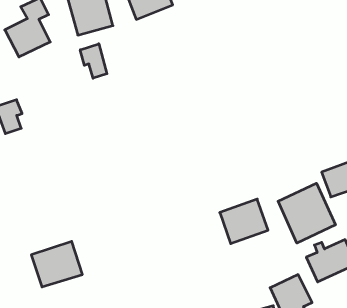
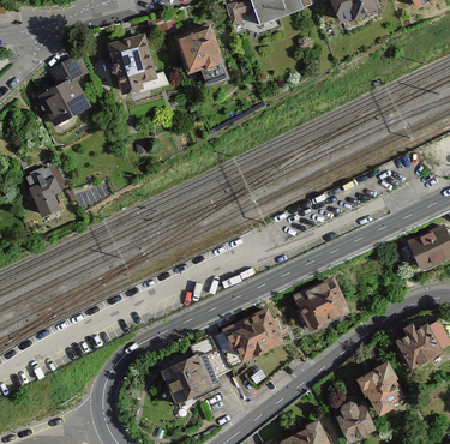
building: [80,44,107,78] -> none
building: [278,183,335,243] -> none
building: none -> [218,306,284,364]
building: [31,241,82,287] -> [160,348,220,402]

